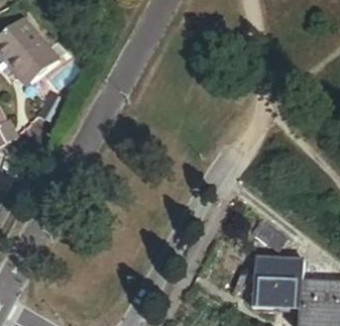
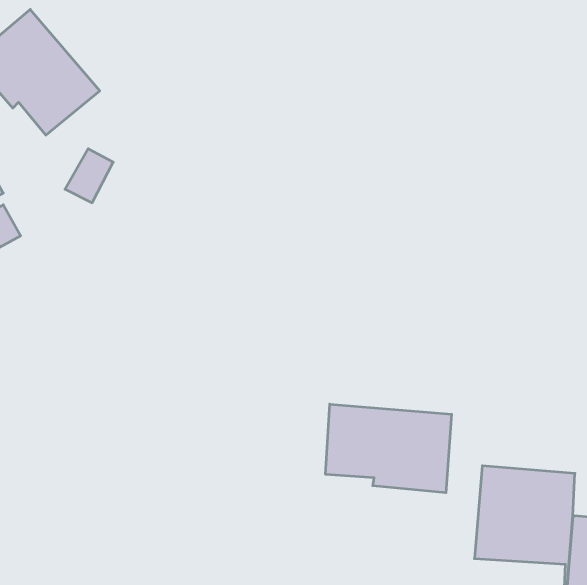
building: none -> [326,404,452,493]

